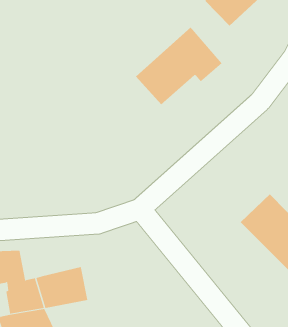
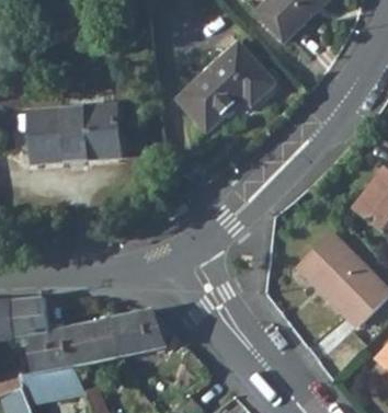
building: none -> [28,104,121,164]
building: none -> [114,308,167,354]

